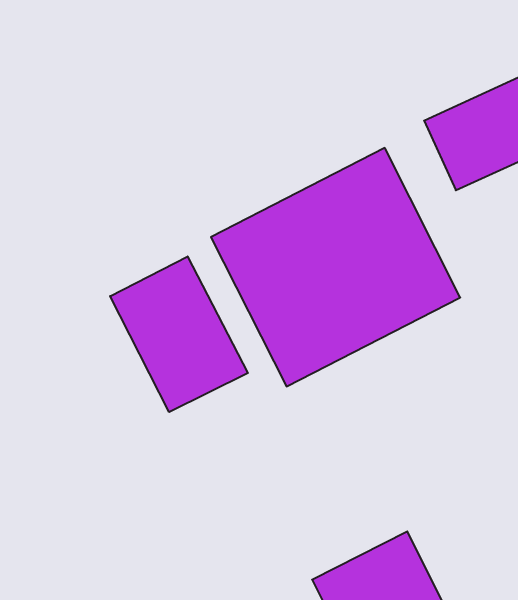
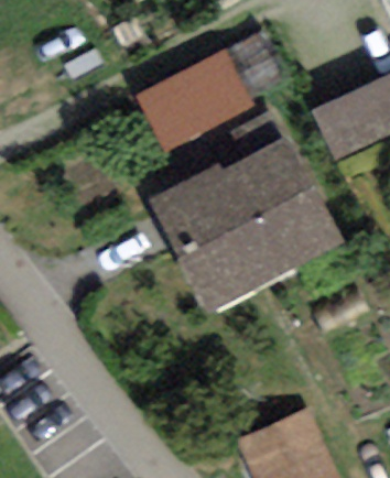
building: none -> [140,54,263,172]
building: [110,256,248,412] -> none

